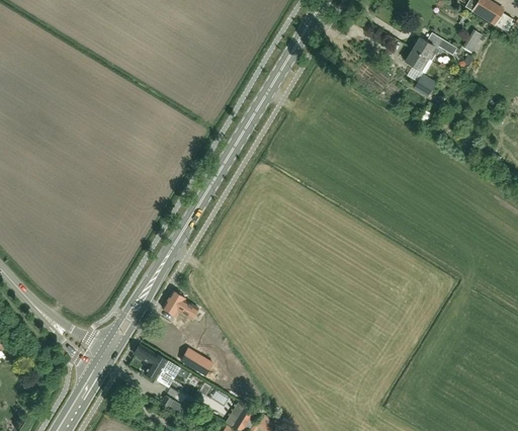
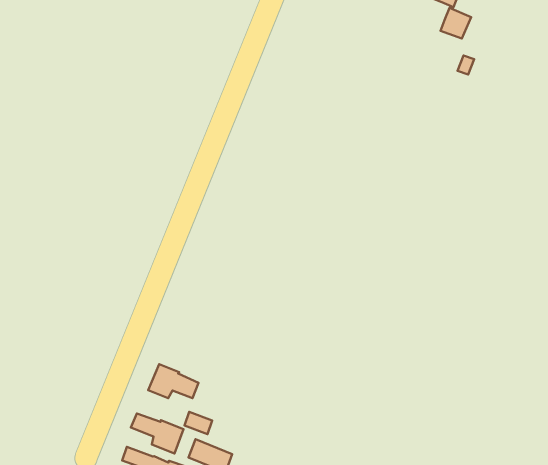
building: none -> [131,414,183,454]

